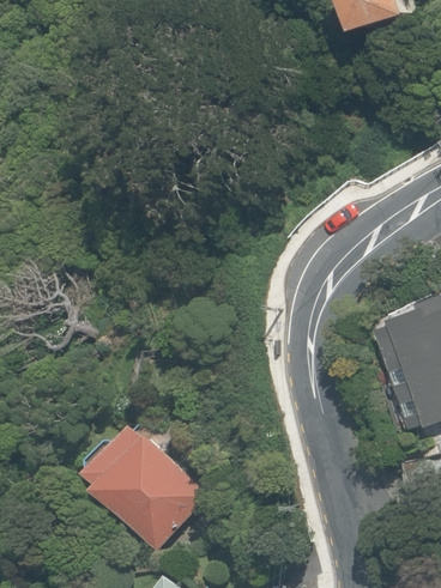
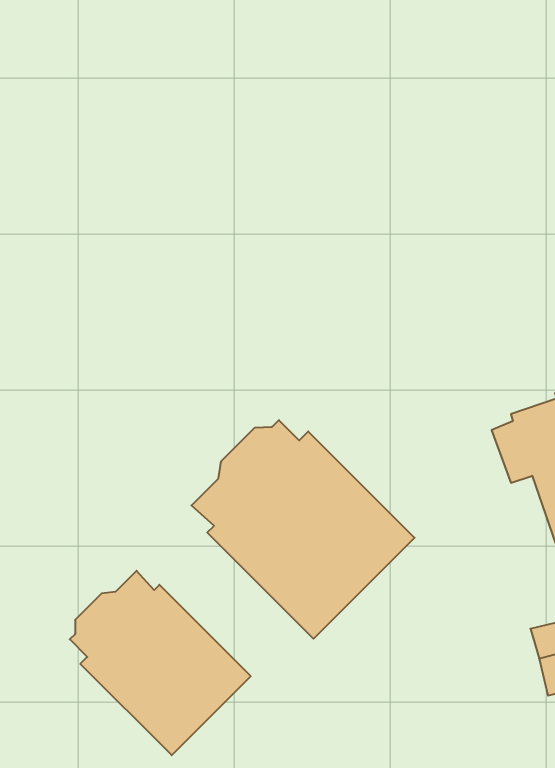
building: none -> [191,420,415,639]

